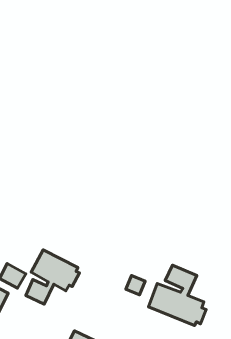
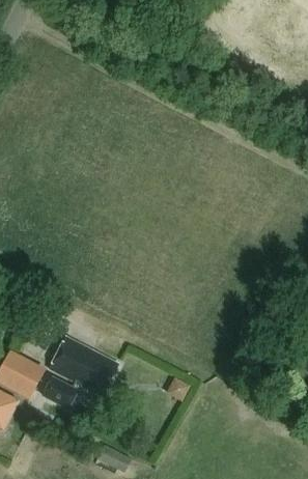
building: [148,265,206,326] -> none

